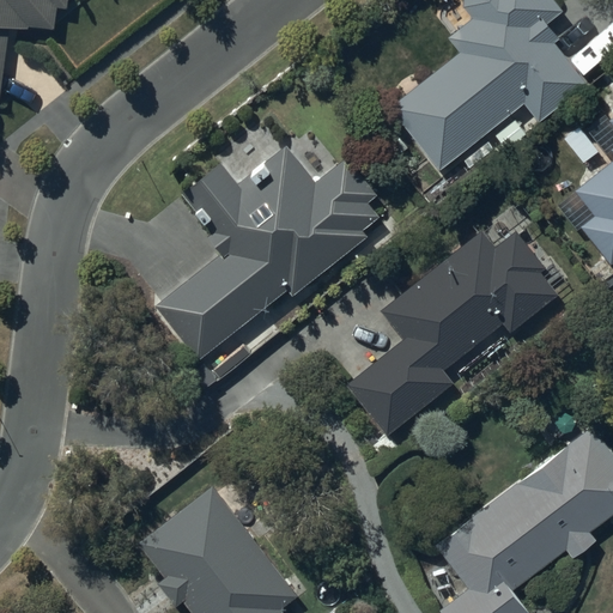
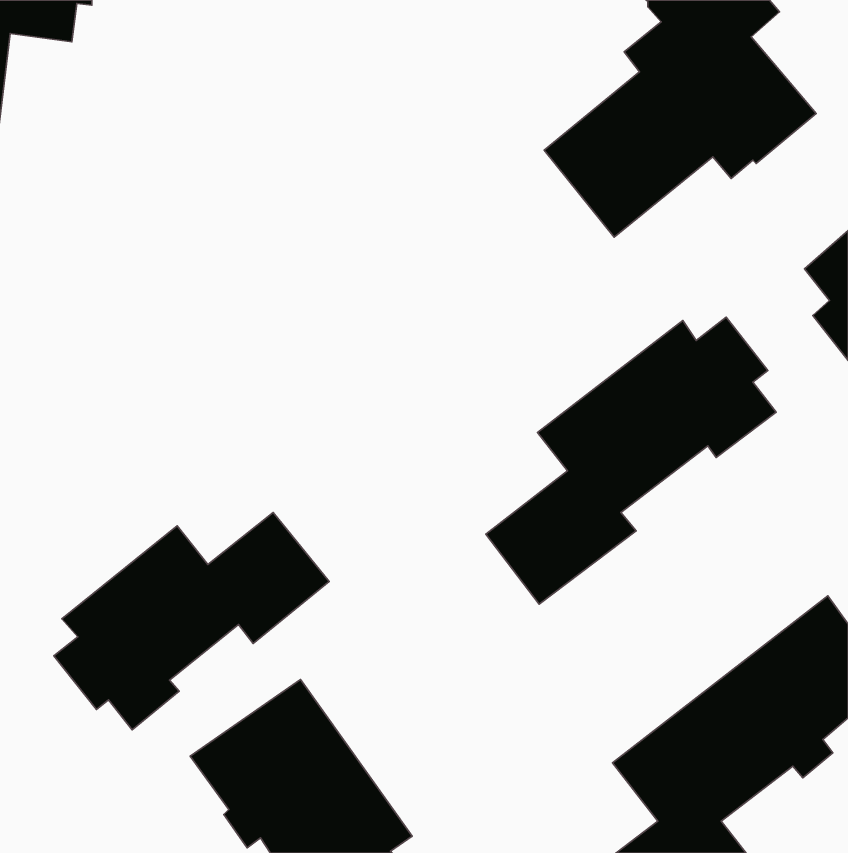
building: [156,150,380,359] -> none
building: none -> [54,512,329,730]

